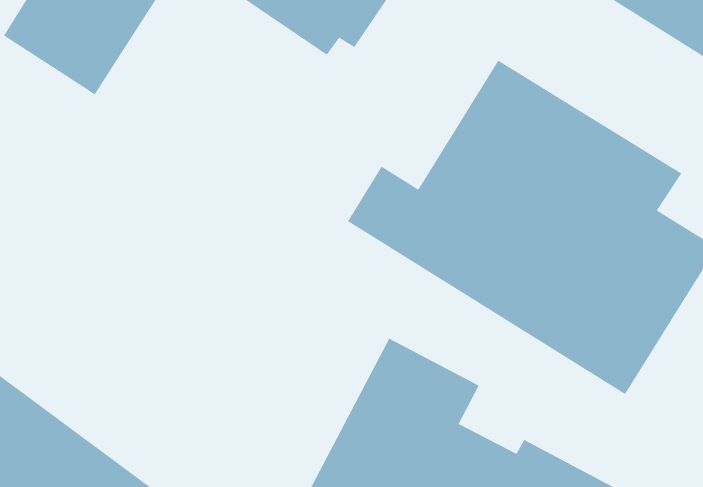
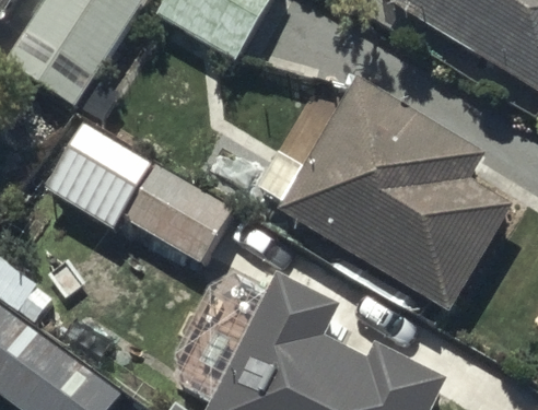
building: none -> [37,116,233,262]

